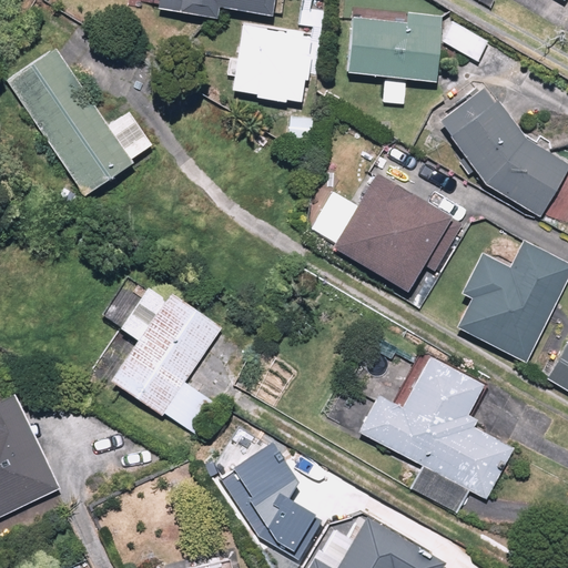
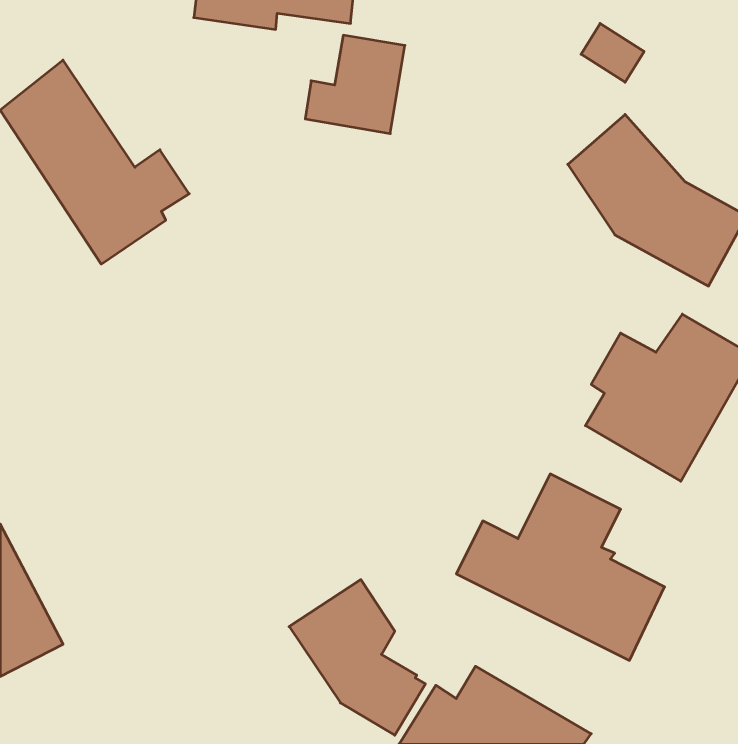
building: [345,9,446,103] -> none
building: [327,170,447,290] -> none
building: [103,290,223,433] -> none

